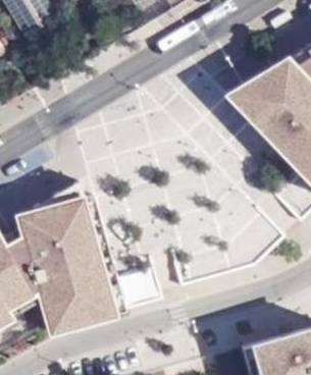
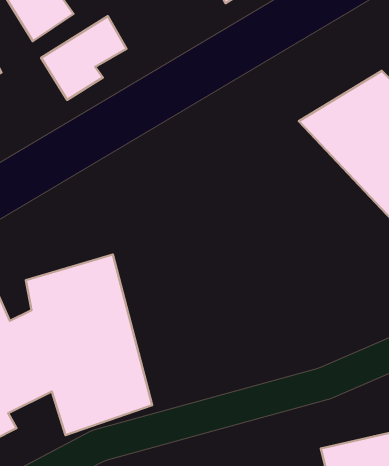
building: none -> [41,16,127,100]

